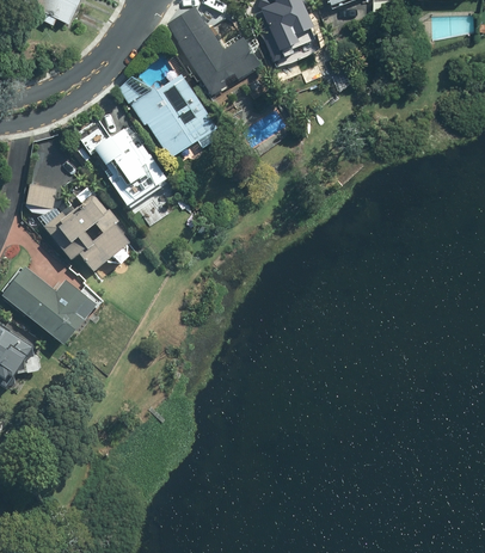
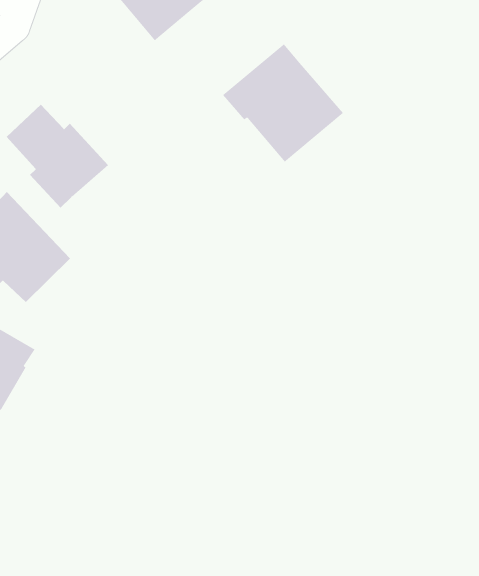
building: [131,74,217,160] -> [222,43,344,163]

